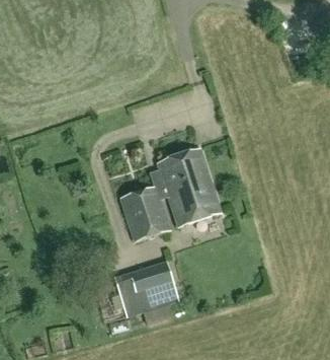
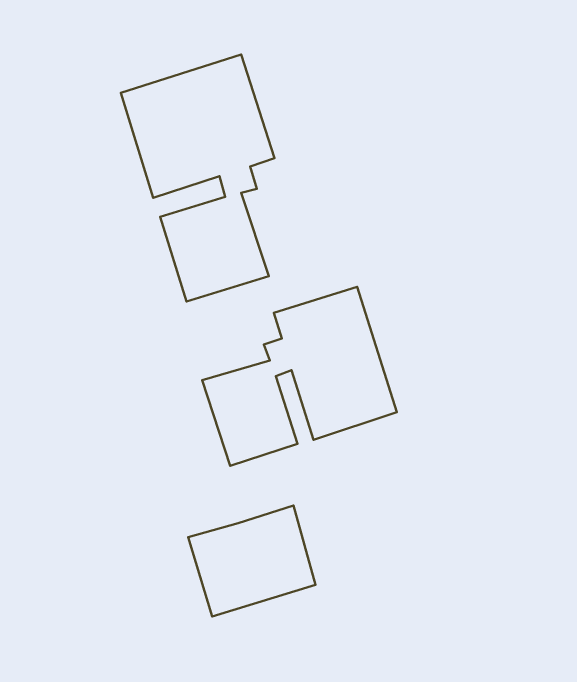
building: none -> [121,55,275,301]

